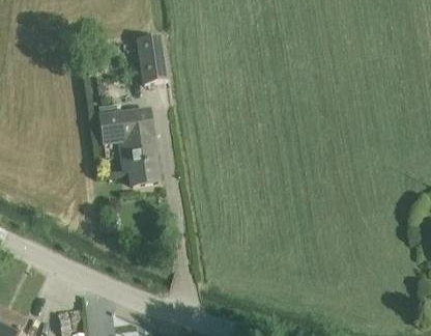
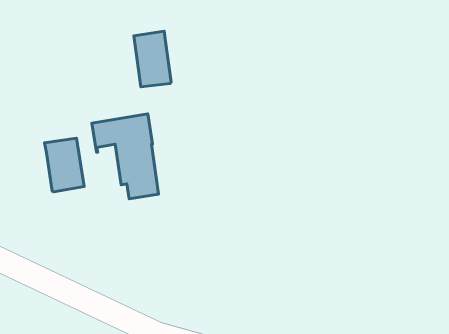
building: none -> [45,138,84,192]

